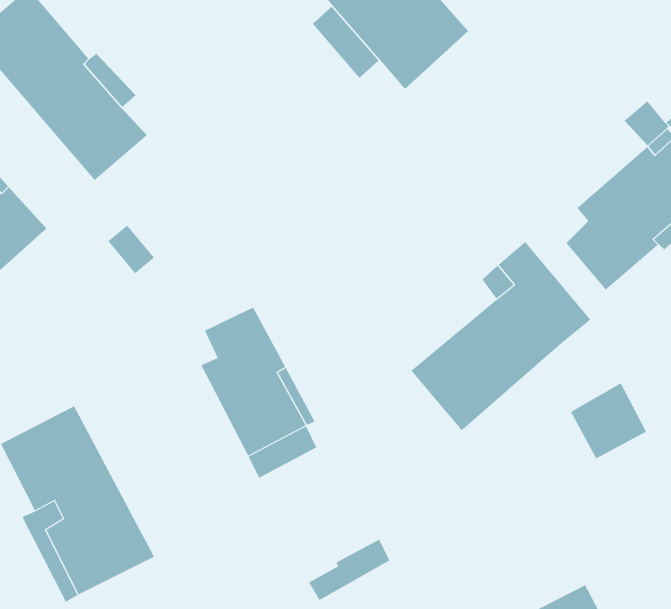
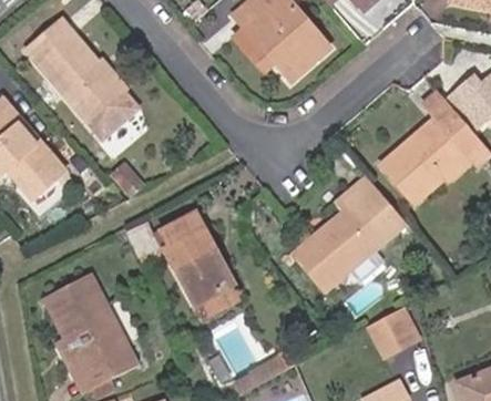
building: [570,383,647,459] -> [371,313,418,360]

